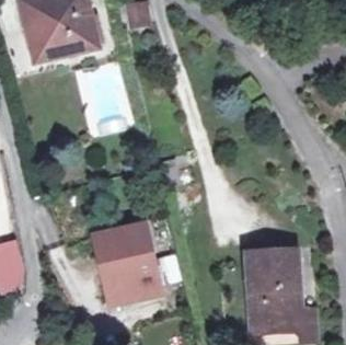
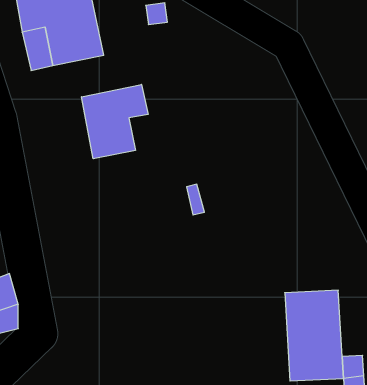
building: none -> [82,84,148,159]
building: [100,226,161,297] -> none

